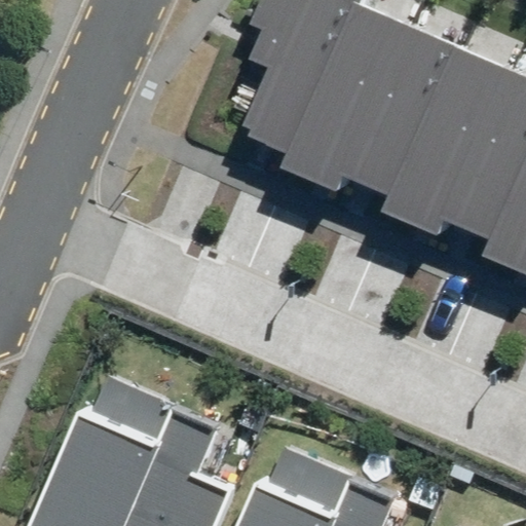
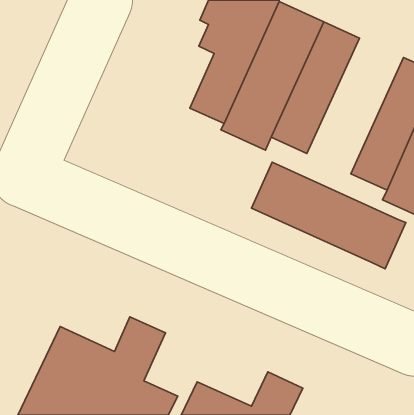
building: [384,48,512,232] -> none
building: none -> [251,162,406,269]

